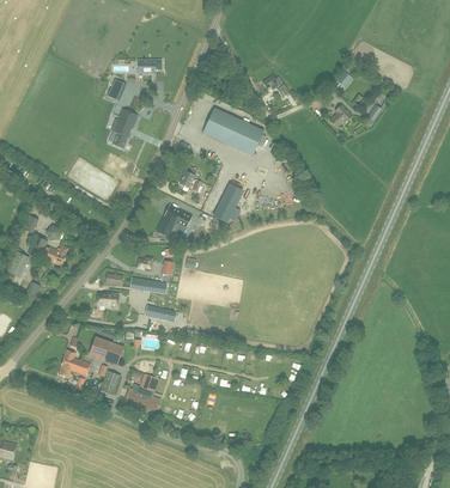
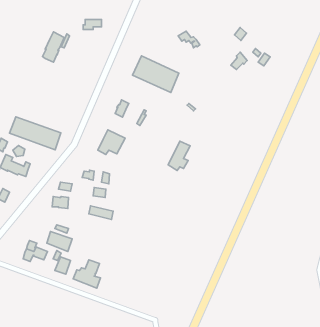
building: [109,108,138,147] -> [42,32,64,62]
building: [214,183,243,221] -> [168,141,190,170]
building: none -> [9,117,61,150]

